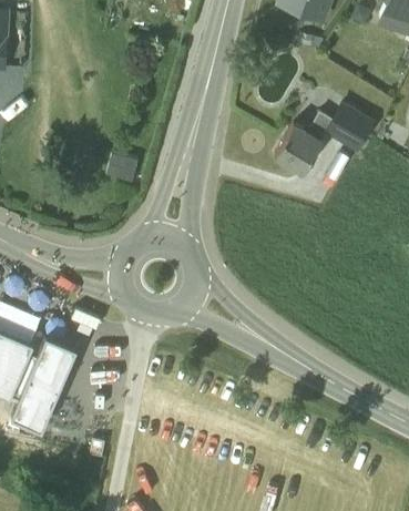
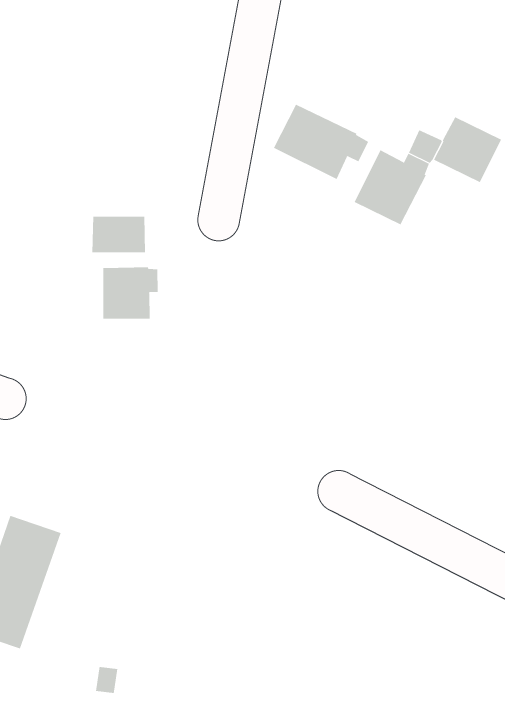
building: none -> [273,104,369,180]
building: none -> [103,267,158,319]

